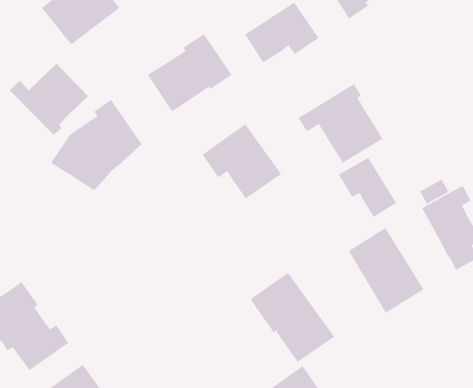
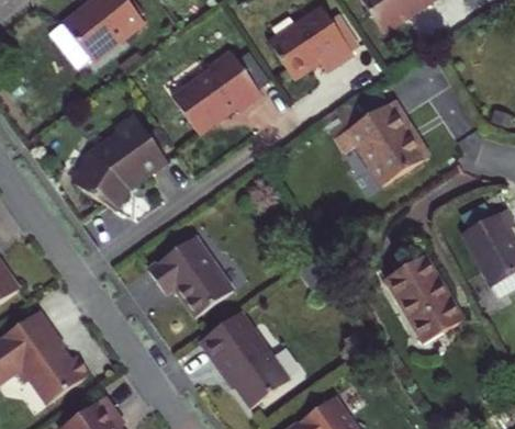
building: [9,63,89,136] -> none
building: [202,123,282,199] -> [148,235,233,315]
building: [338,157,397,218] -> none
building: [249,272,335,363] -> [200,312,290,407]

